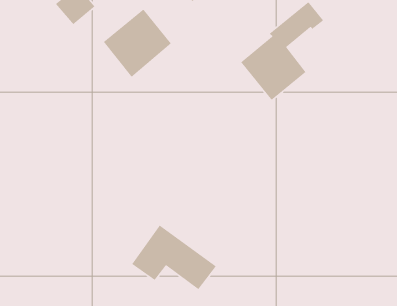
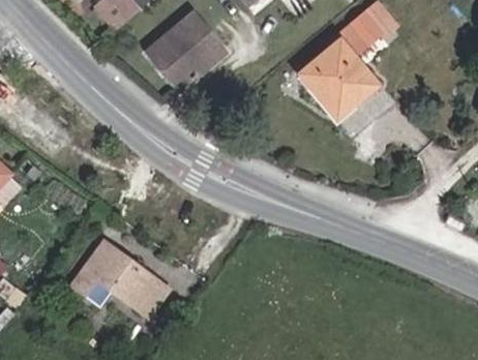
building: [131,225,217,290] -> [71,241,168,314]

